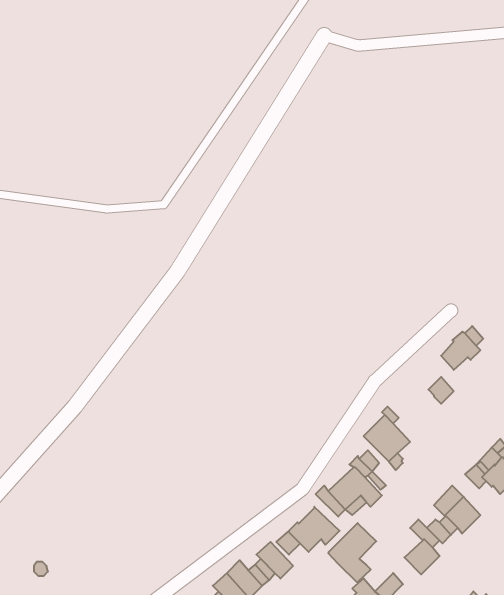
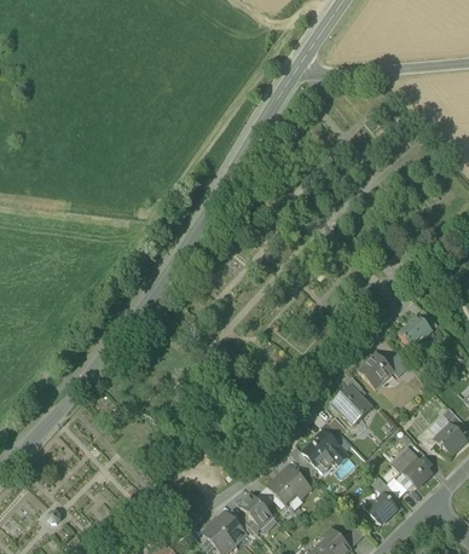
building: none -> [358,354,392,391]
building: [329,523,376,582] -> none

